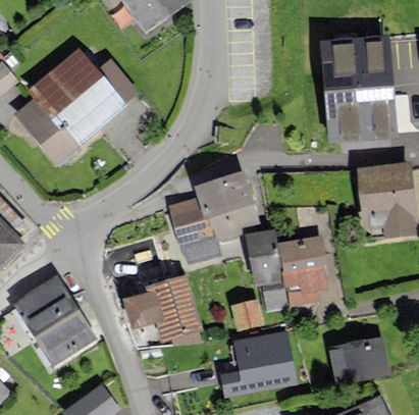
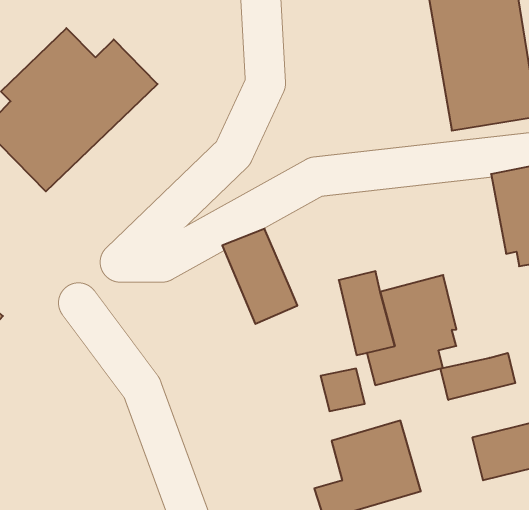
building: [198,173,258,239] -> none
building: [127,277,198,336] -> none
building: [17,279,92,361] -> none
building: none -> [440,353,515,400]

